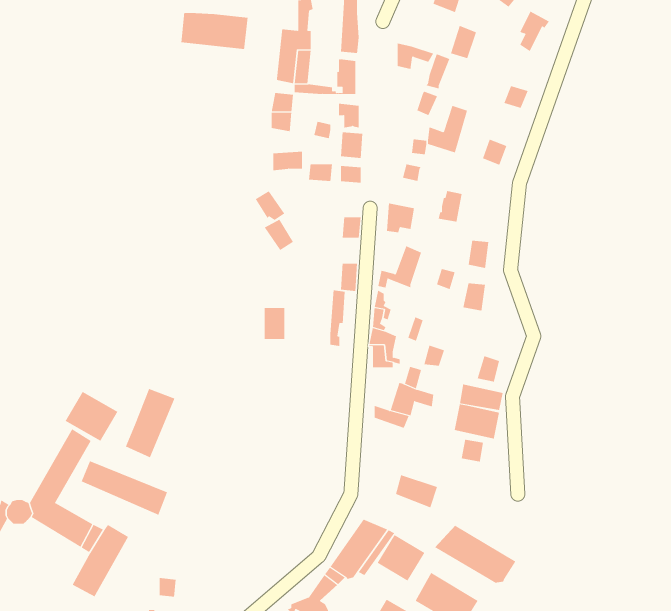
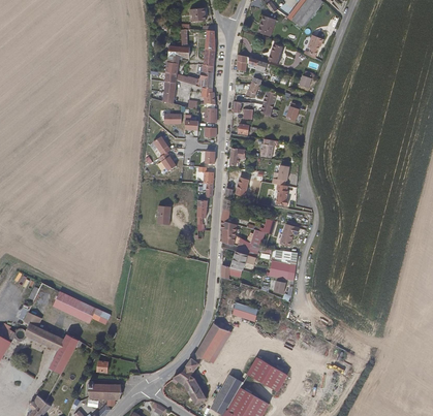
building: [181,12,248,50] -> none
building: [125,388,175,458] -> none
building: [65,391,118,441] -> none
building: [434,525,516,583] -> none
building: [377,534,425,582] -> none

